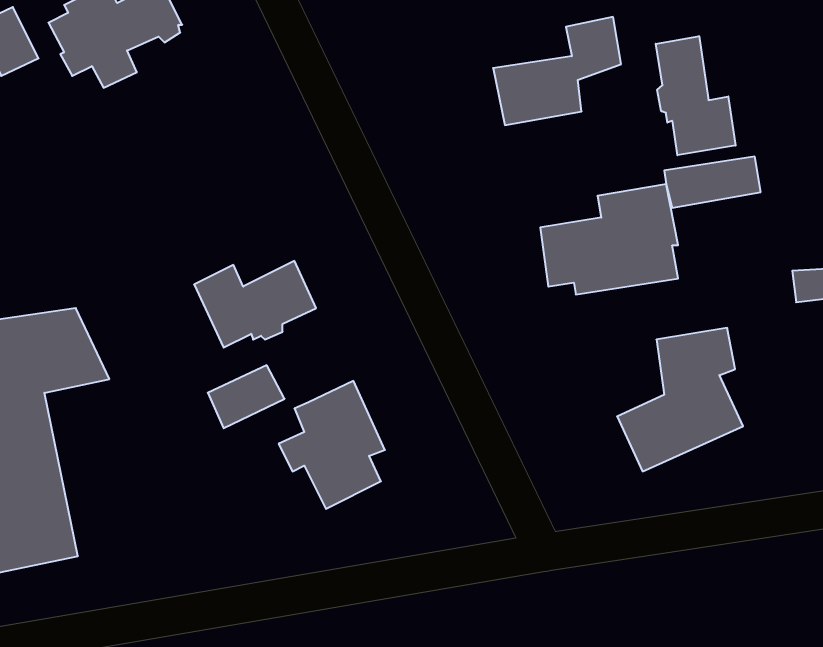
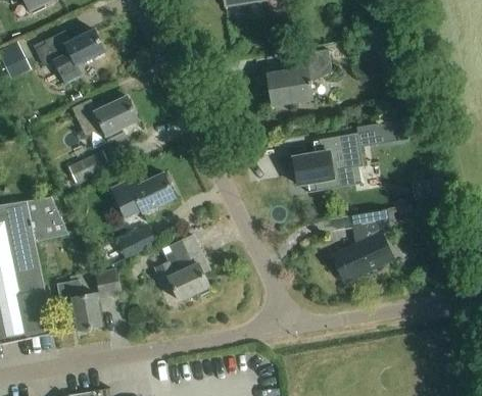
building: [656,36,736,155] -> none
building: none -> [71,97,138,145]
building: none -> [75,151,108,179]
building: none -> [95,267,122,297]
building: none -> [55,280,99,332]

